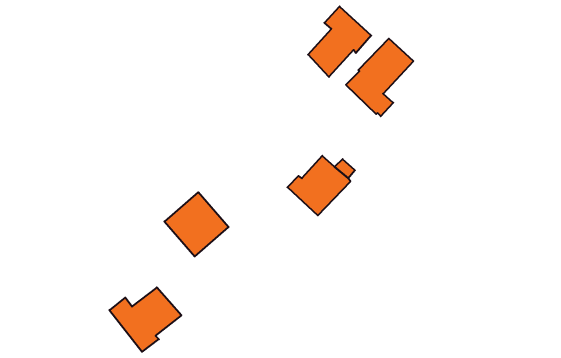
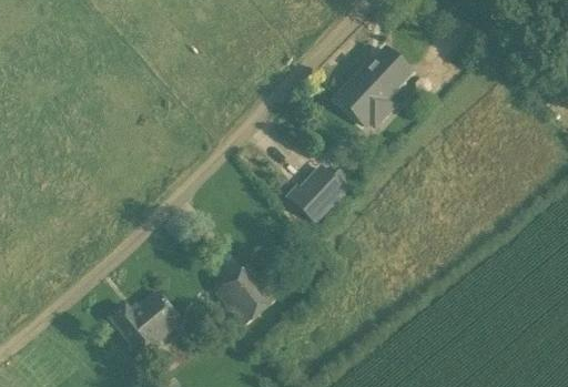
building: [308,6,371,77] -> none
building: [164,192,229,256] -> [214,262,277,325]

